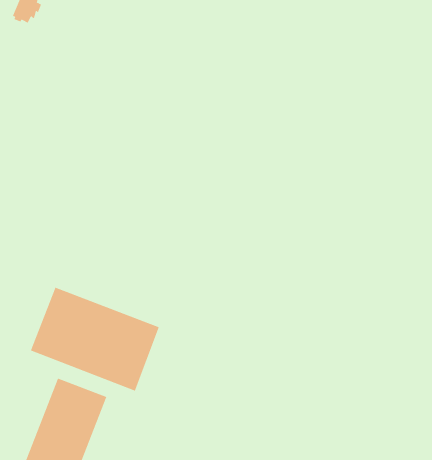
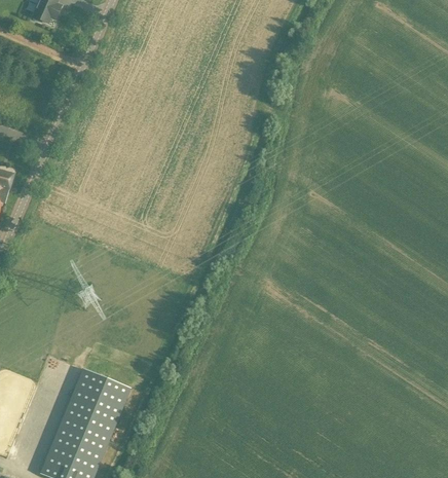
building: [30,287,159,392] -> none

